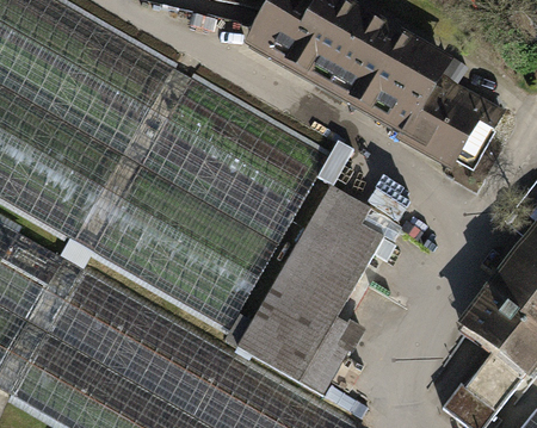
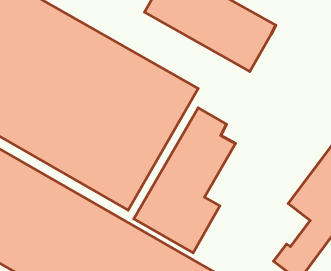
building: [403,73,502,168] -> none

